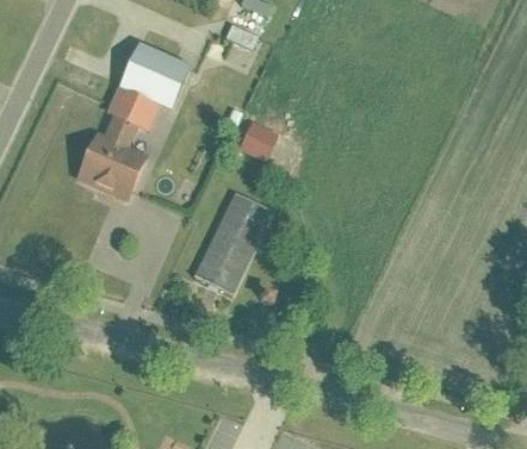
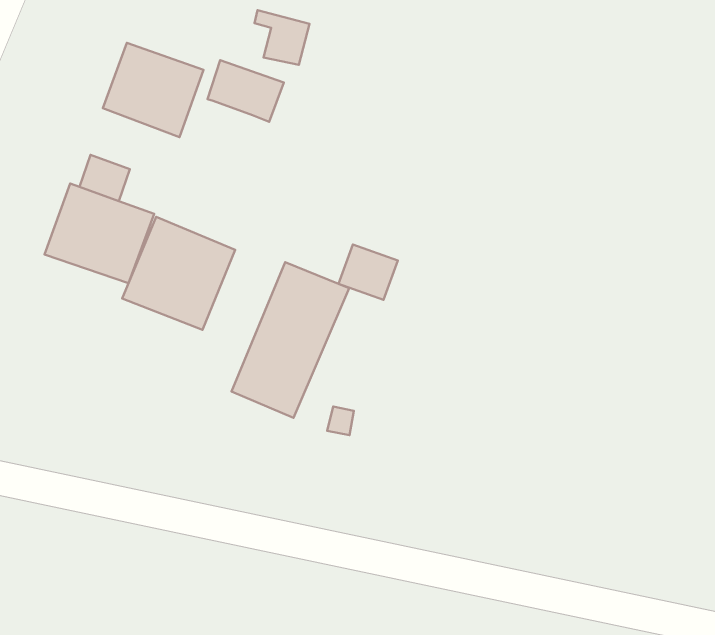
building: [107,88,157,130] -> [207,60,284,122]
building: [240,120,279,157] -> [338,244,398,300]
building: none -> [122,217,235,330]

